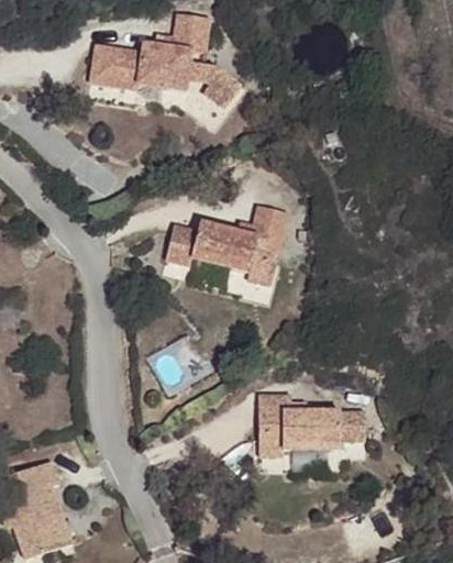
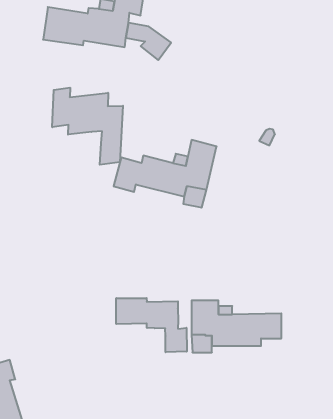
building: none -> [52,88,123,165]
building: none -> [116,298,187,352]

